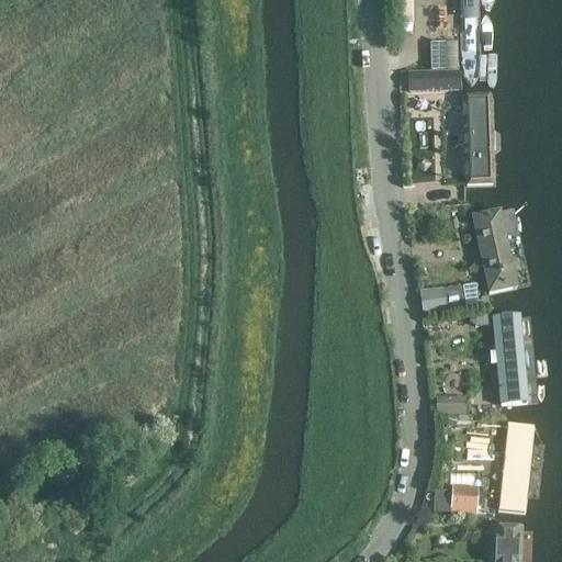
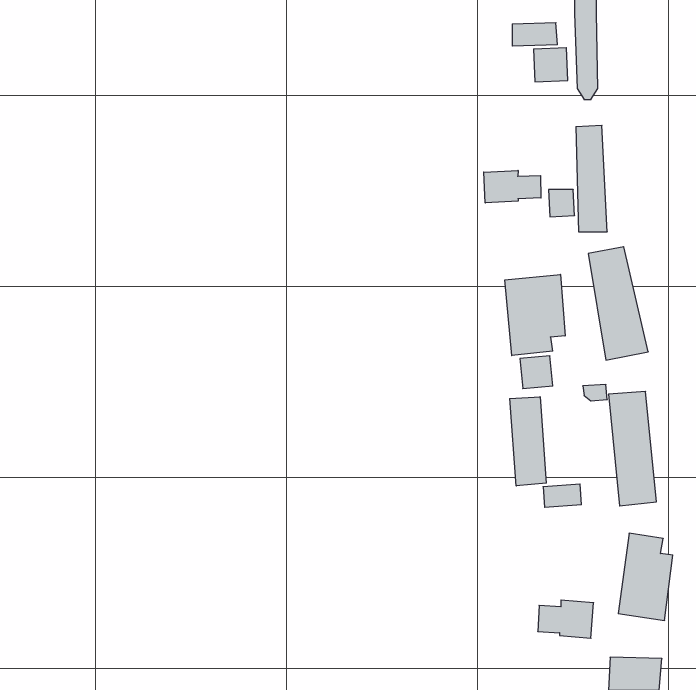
building: [411,69,447,88] -> [512,23,557,46]
building: none -> [484,170,541,203]
building: none -> [505,274,565,356]
building: none -> [510,397,546,486]

